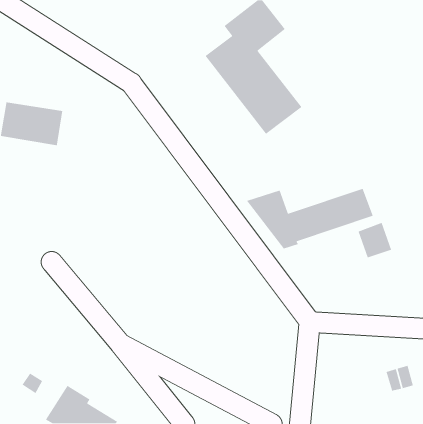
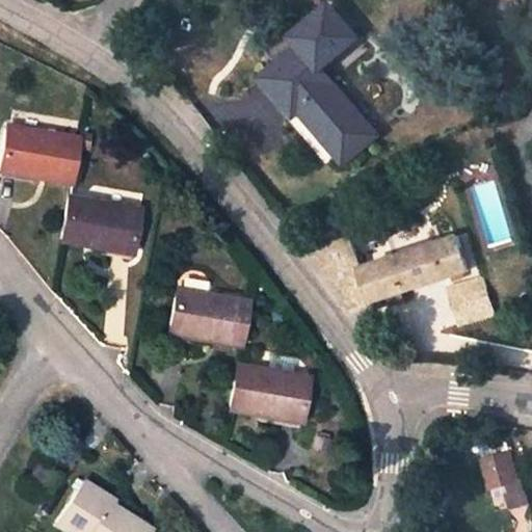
building: none -> [63,196,140,252]
building: none -> [171,289,249,346]
building: none -> [232,354,309,421]

